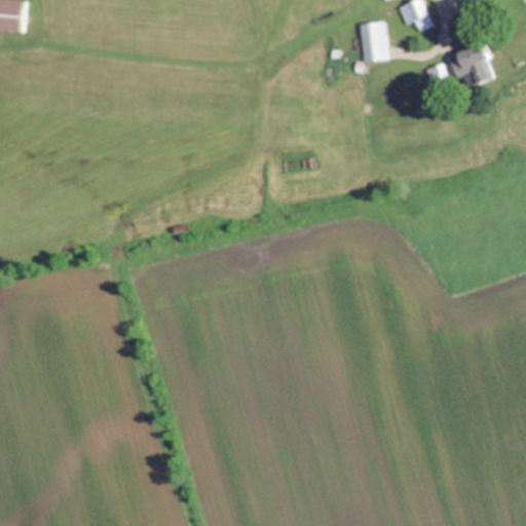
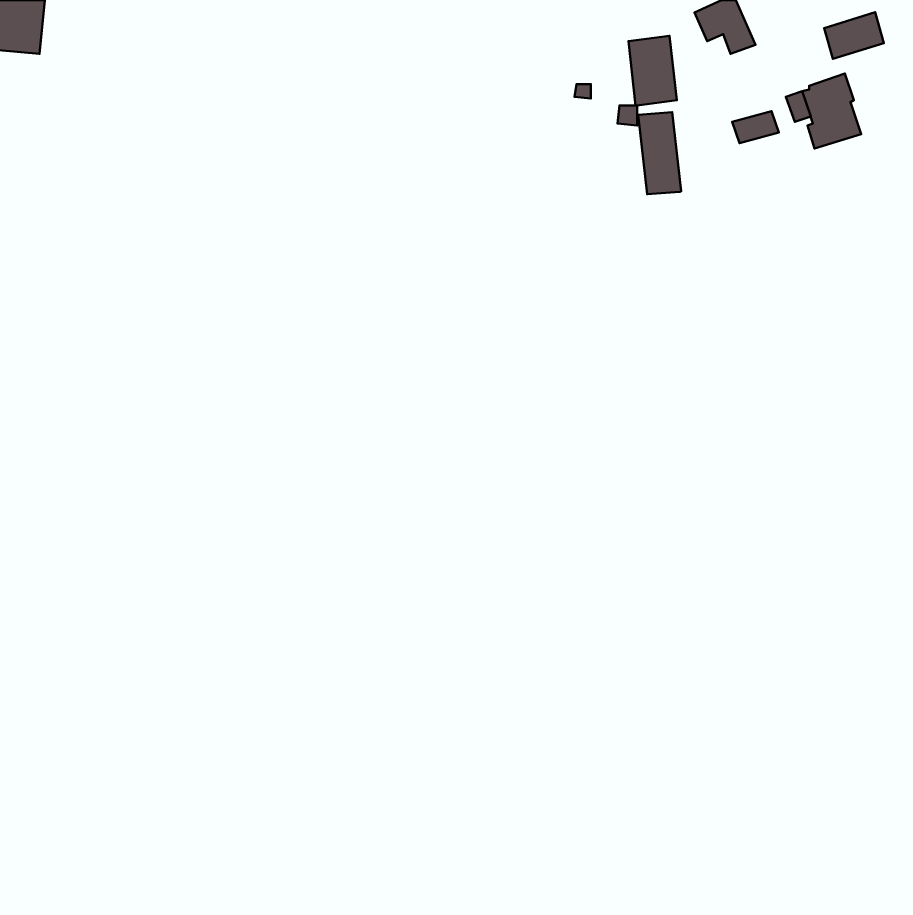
building: none -> [824,12,884,59]
building: none -> [638,112,681,194]

